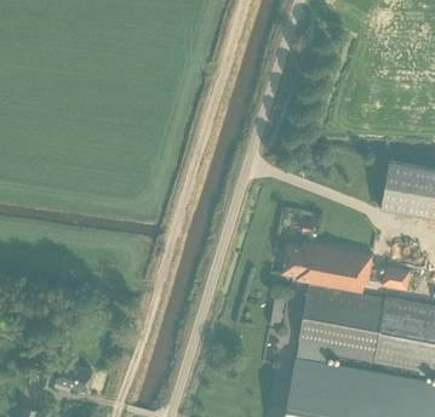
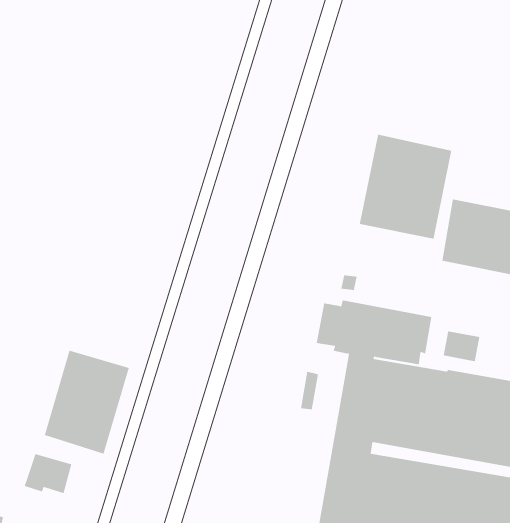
building: none -> [359,134,452,239]
building: none -> [44,350,130,455]

